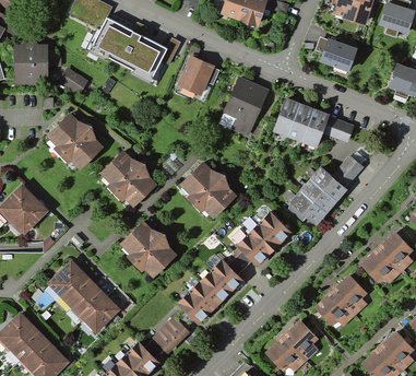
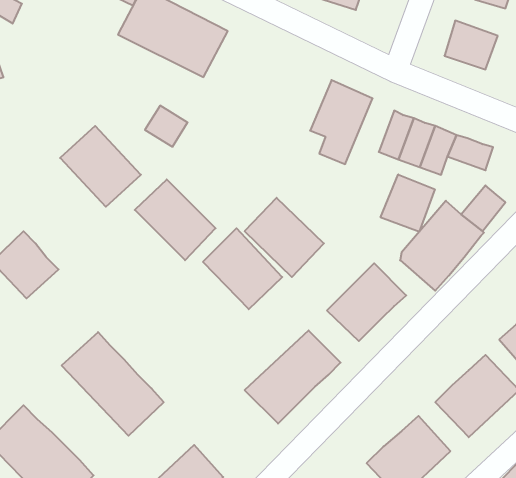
building: [11,43,47,83] -> none
building: [178,56,214,94] -> none
building: [58,67,88,96] -> [145,106,188,147]
building: none -> [381,174,435,232]
building: [119,219,176,277] -> [203,228,282,309]
building: [153,315,191,354] -> none

